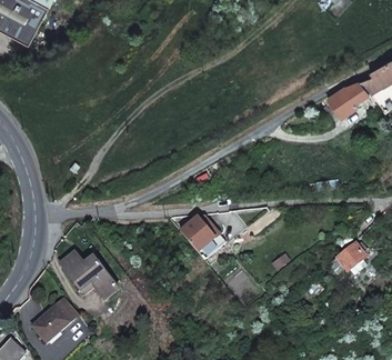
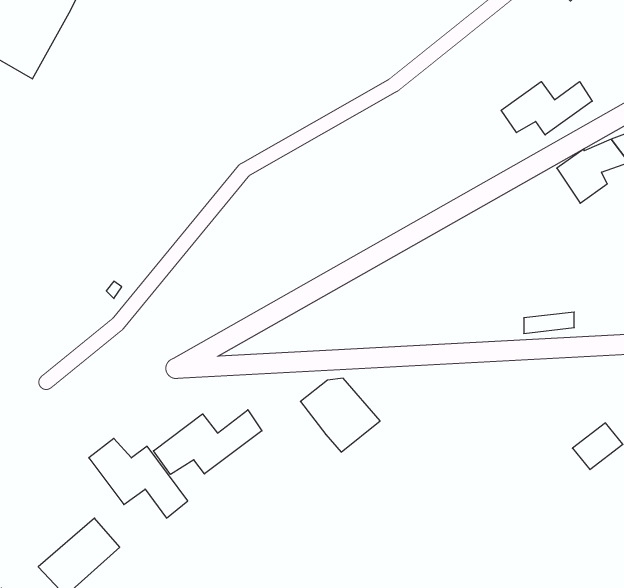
building: none -> [501,82,592,135]
building: none -> [153,410,262,474]

